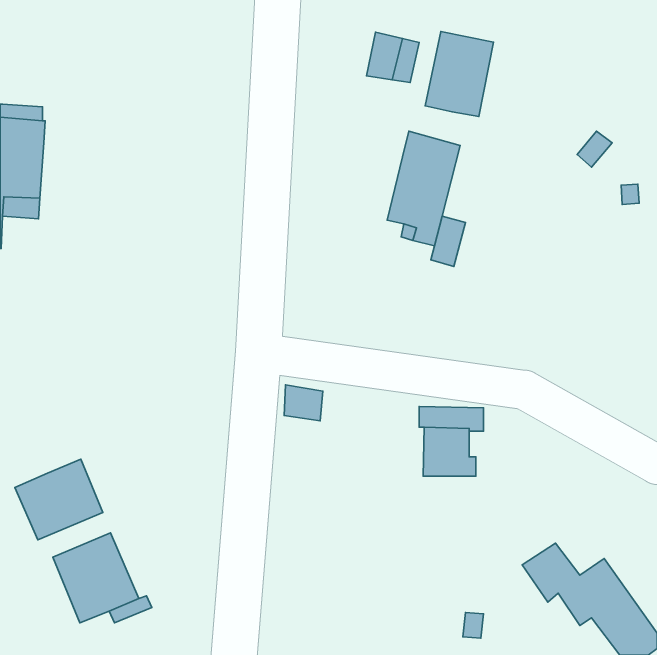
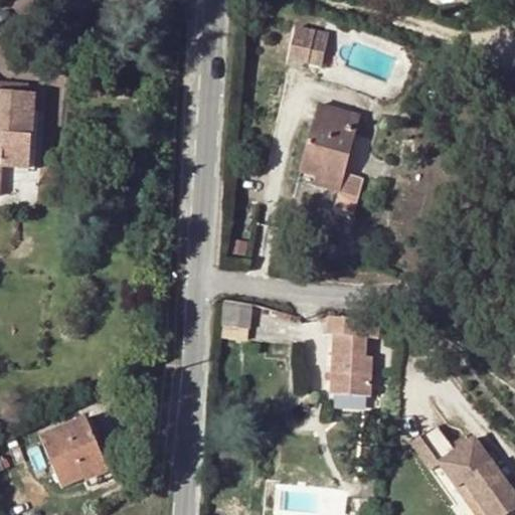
building: [425,31,494,117] -> none
building: [15,459,103,540] -> none
building: none -> [331,372,372,395]

